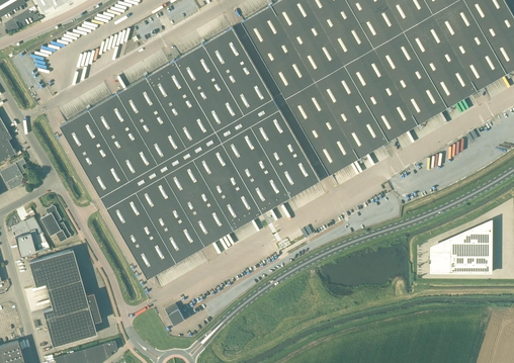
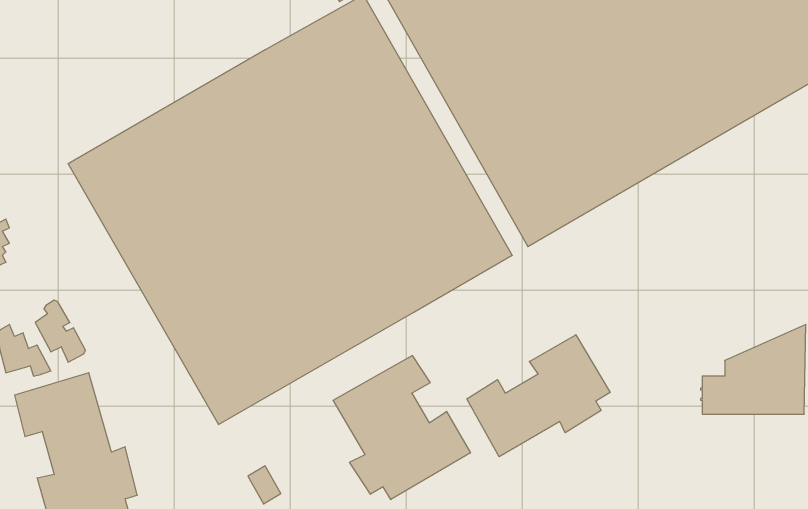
building: none -> [467,335,610,457]
building: none -> [333,356,470,500]

